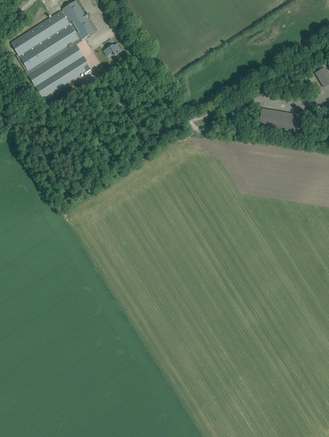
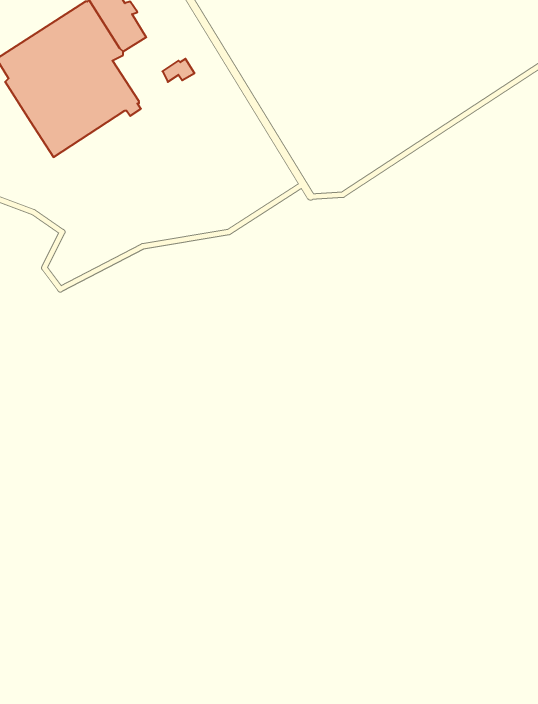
building: [258,107,301,131] -> none

